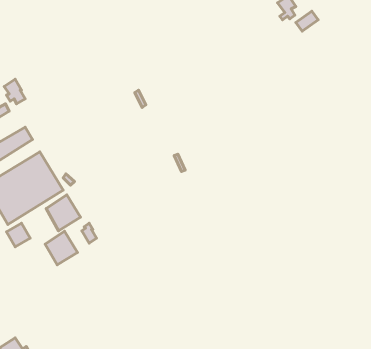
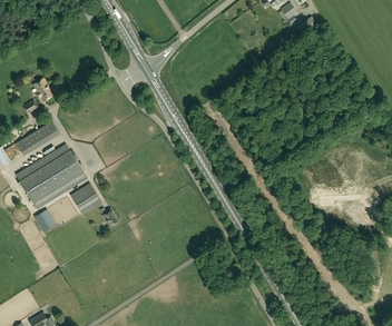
building: [45,231,78,265] -> none

